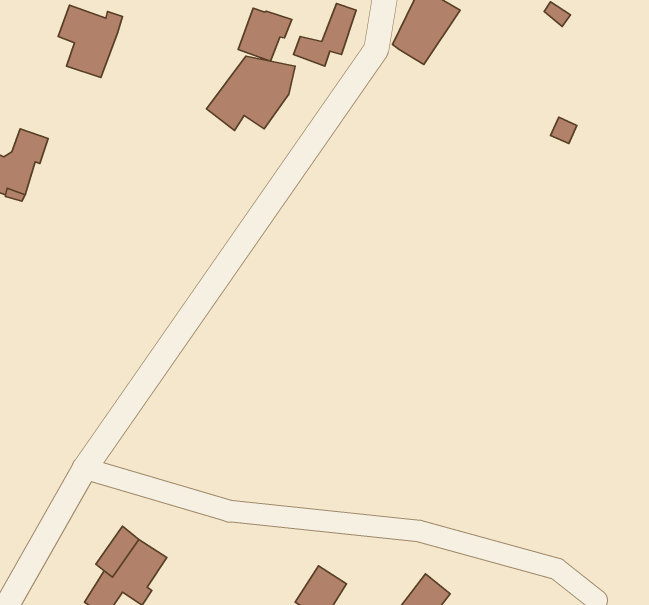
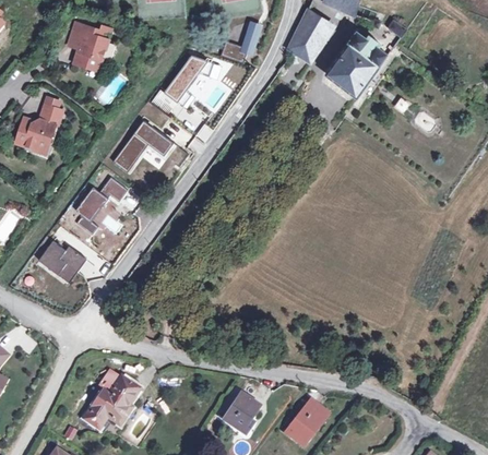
building: [238,8,292,61] -> none
building: none -> [325,32,388,97]
building: none -> [112,120,174,171]
building: none -> [75,179,128,235]
building: none -> [40,243,86,283]

